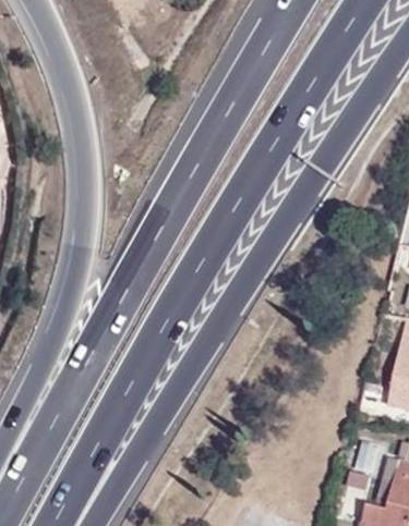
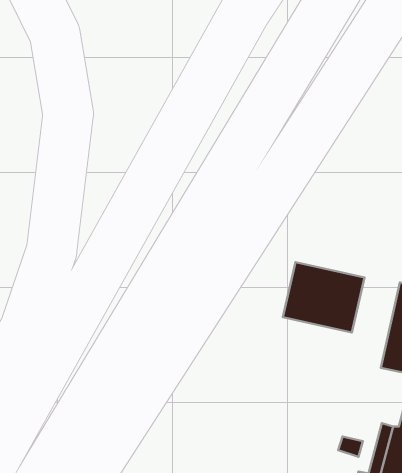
building: none -> [283,262,365,332]

